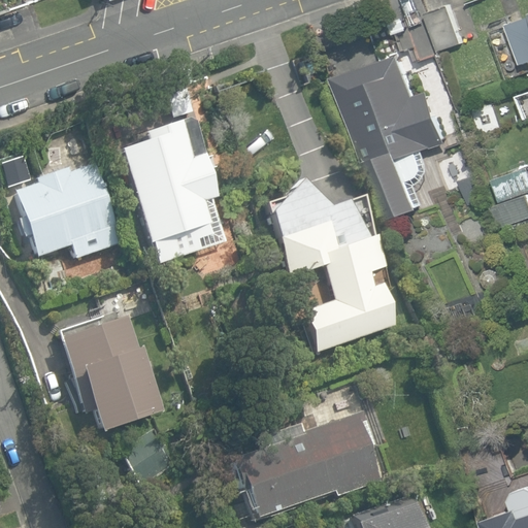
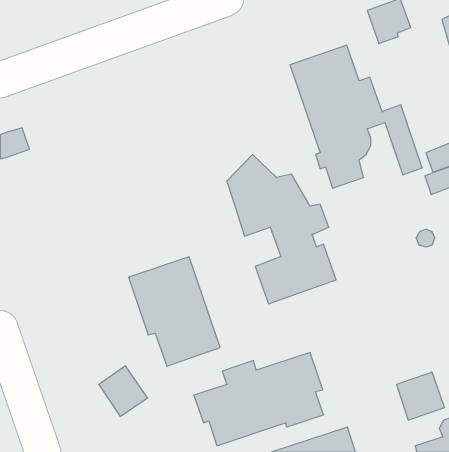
building: [119,121,220,259] -> none
building: [15,163,120,257] -> none
building: [57,305,163,432] -> [129,257,220,366]

